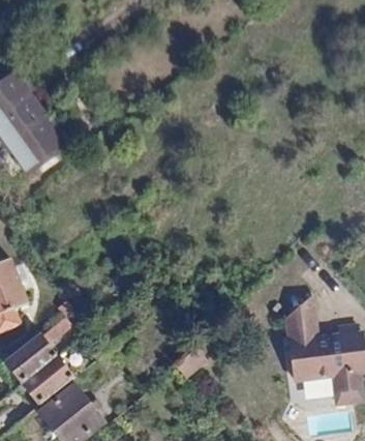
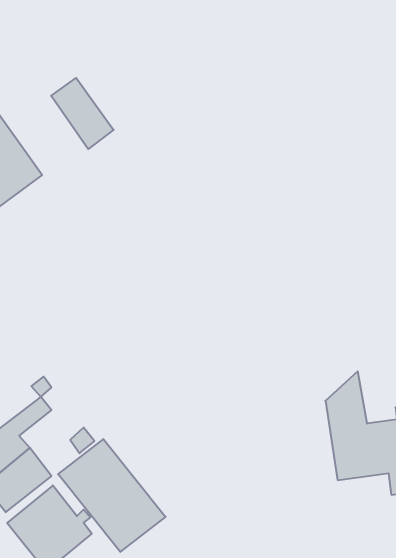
building: none -> [51,78,114,149]
building: none -> [58,439,166,552]

